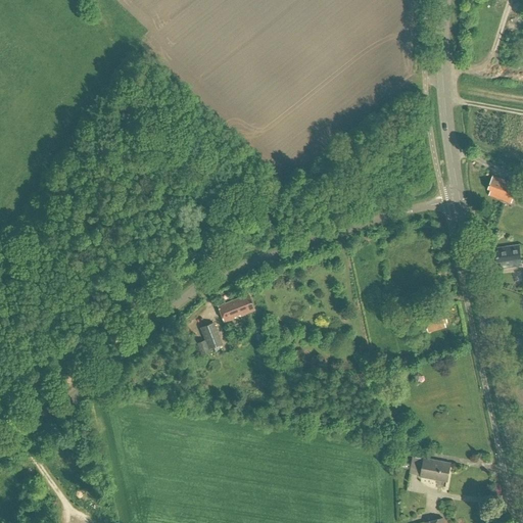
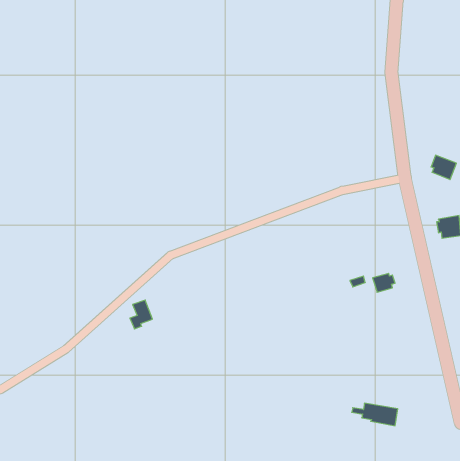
building: [219,294,254,322] -> none
building: [197,323,223,355] -> [130,300,152,329]

